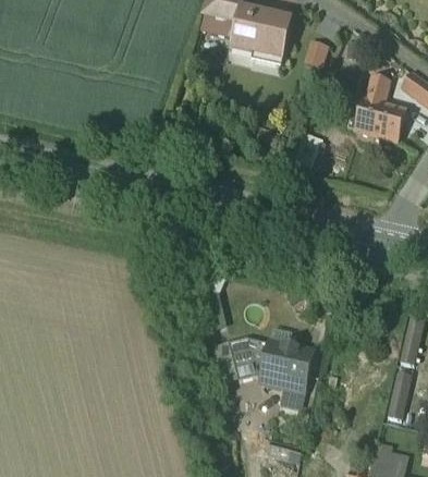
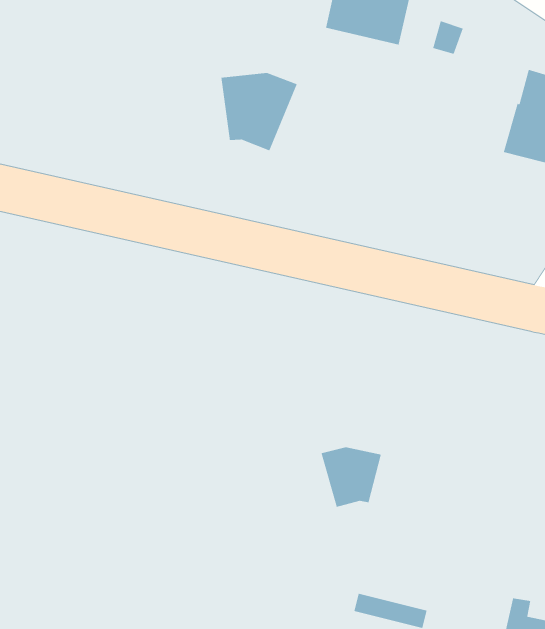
building: none -> [220,72,298,151]
building: [260,343,311,391] -> none

